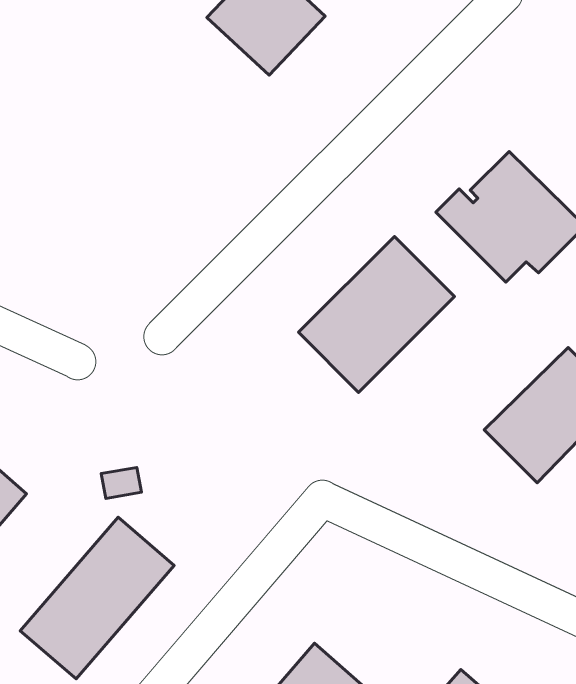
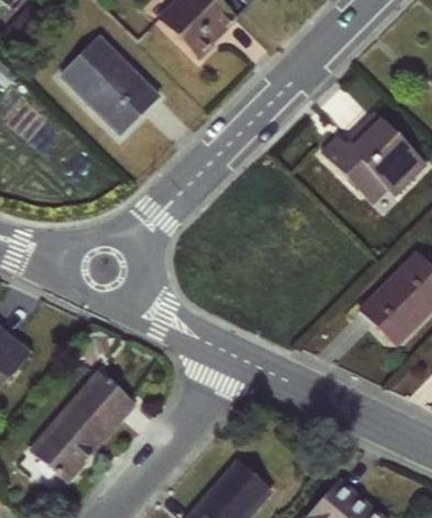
building: none -> [61,30,166,134]
building: [299,236,455,392] -> none

